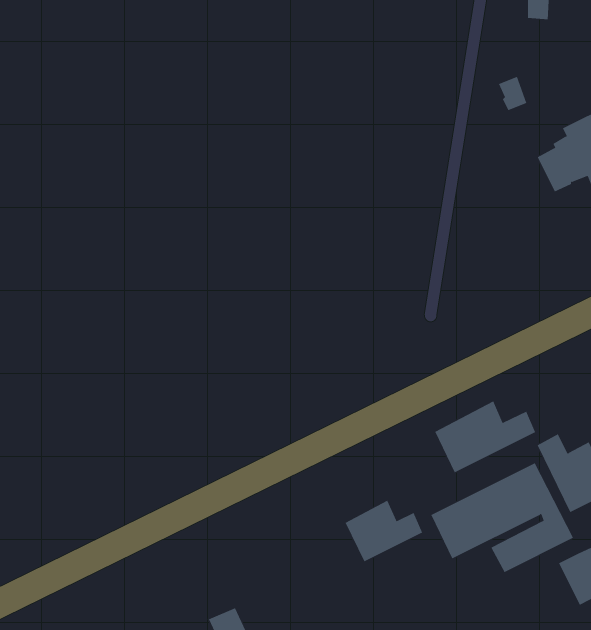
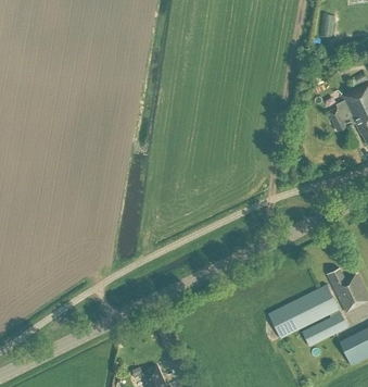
building: [434,401,536,473] -> none
building: [345,500,423,562] -> none

